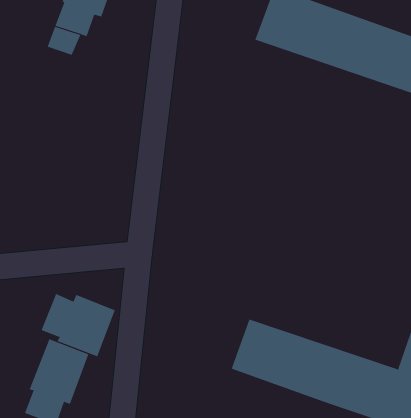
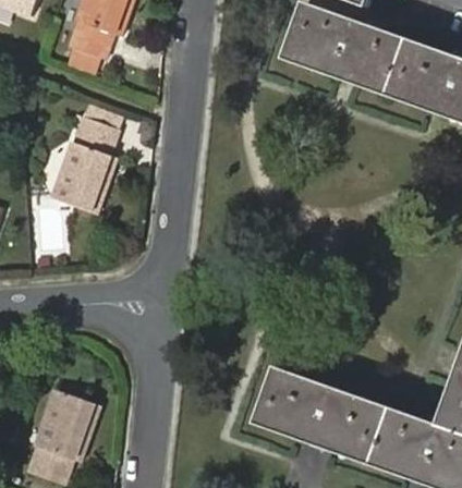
building: none -> [46,117,116,215]
building: [41,293,116,357] -> none

